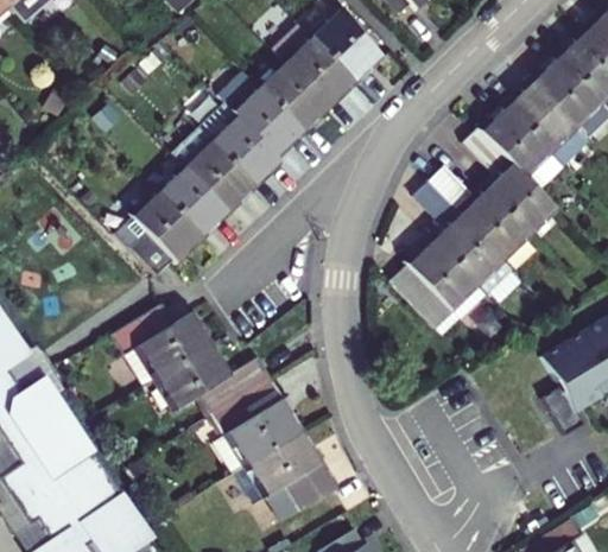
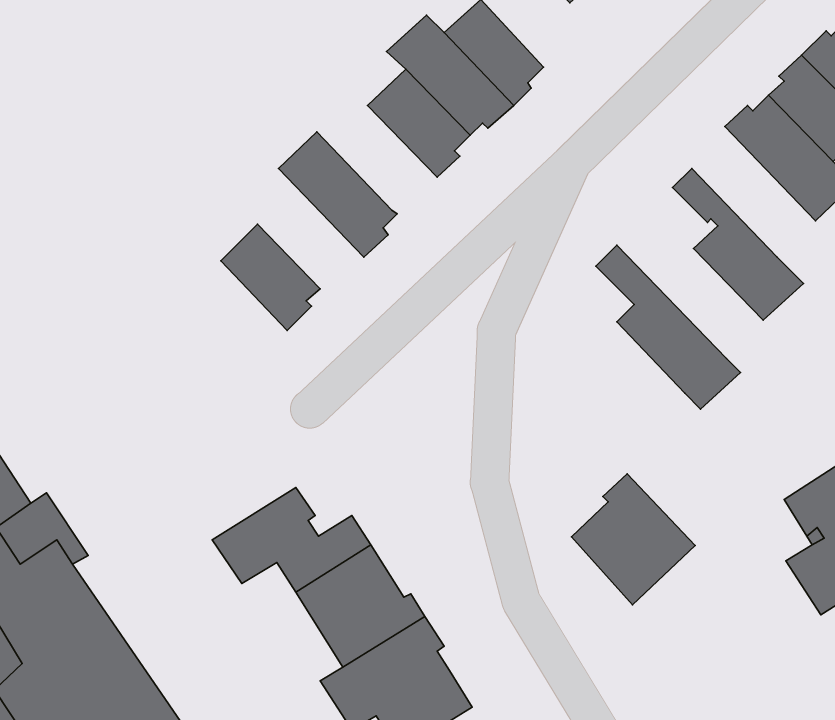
building: [223,72,310,157] -> none
building: [483,100,568,189] -> none
building: [176,128,260,210] -> none
building: [432,169,532,258] -> none
building: [120,191,208,275] -> none
building: [394,233,479,322] -> [571,474,695,605]
building: [110,306,214,381] -> none

